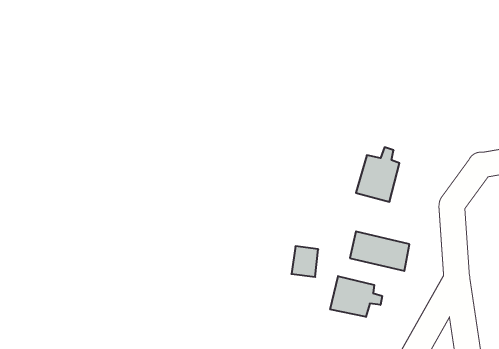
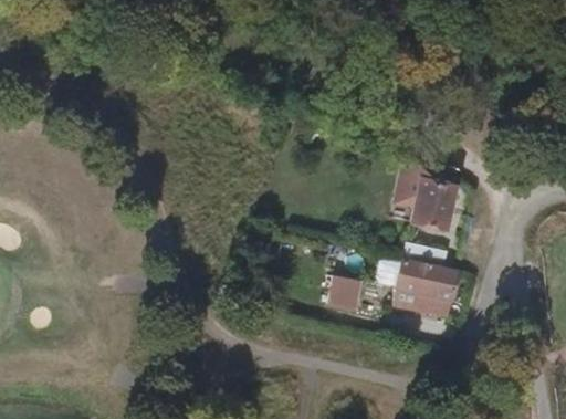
building: [330,276,382,317] -> none

